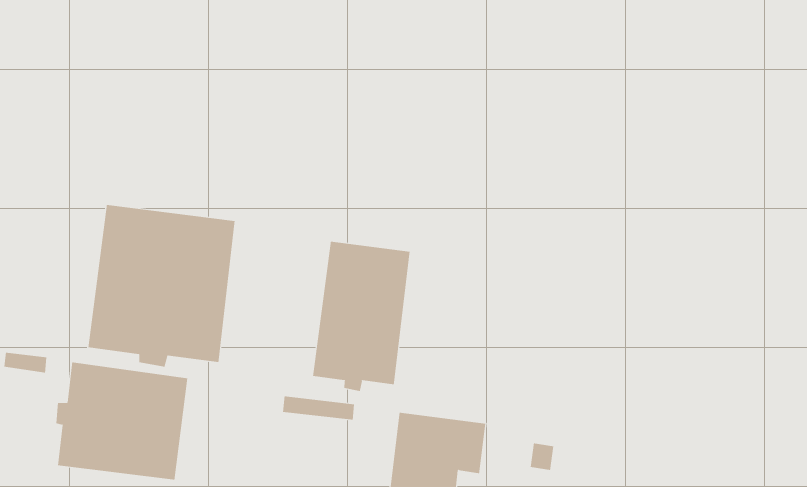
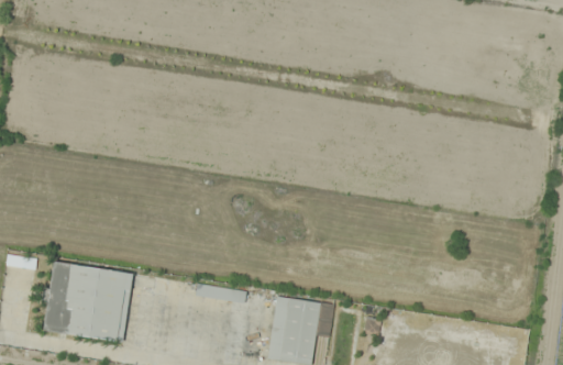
building: [88,204,235,368] -> none
building: [313,241,410,392] -> none

